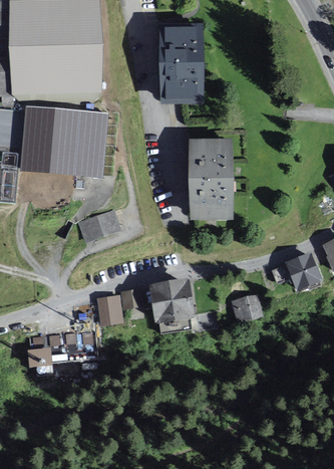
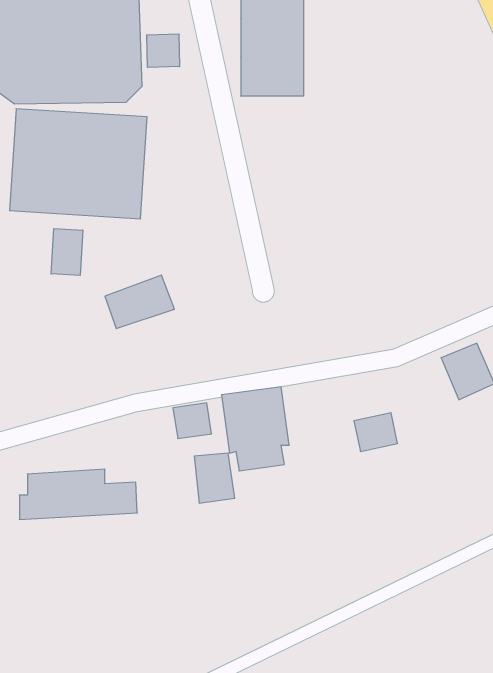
building: none -> [147,34,180,67]
building: [191,141,232,218] -> none
building: none -> [51,229,83,275]
building: [96,295,121,326] -> [194,453,235,503]

